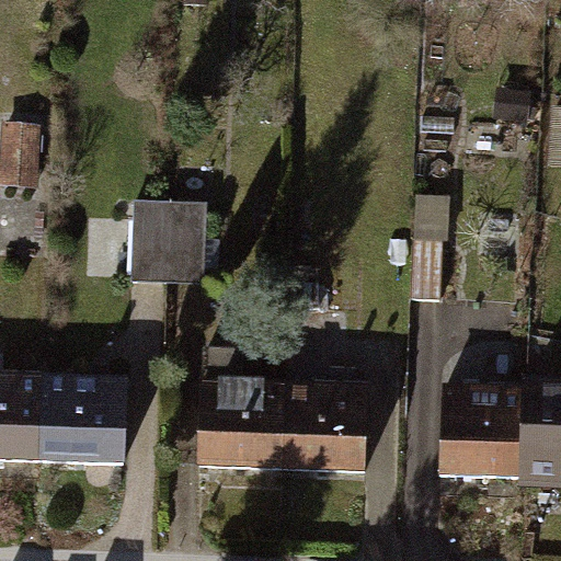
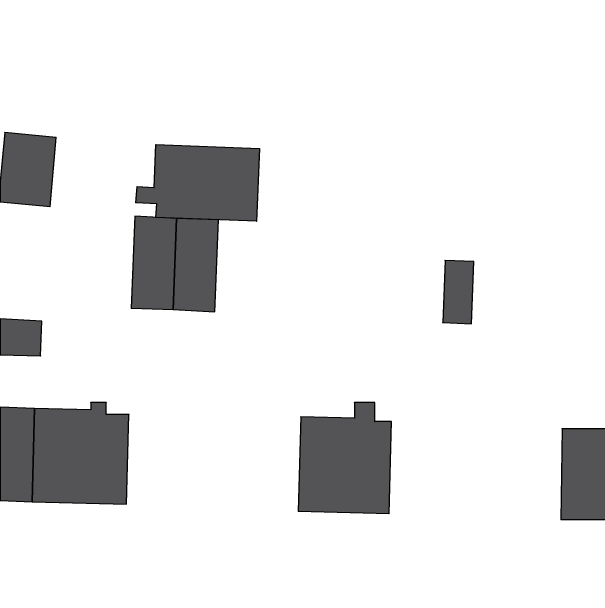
building: none -> [136,145,259,221]
building: [196,356,280,469] -> none
building: [436,391,520,477] -> none

